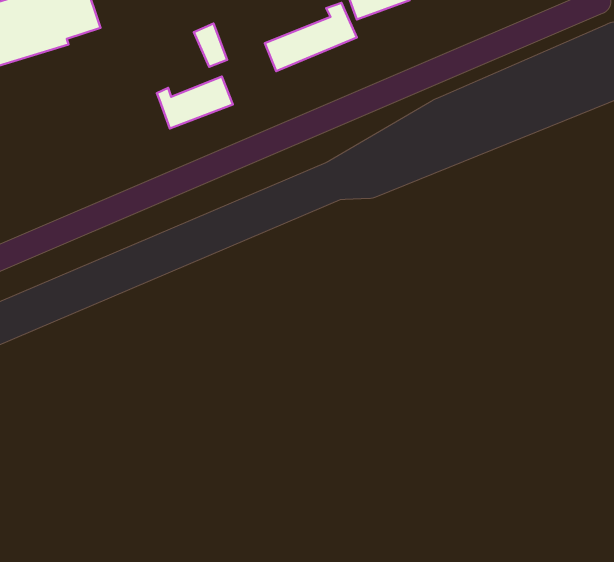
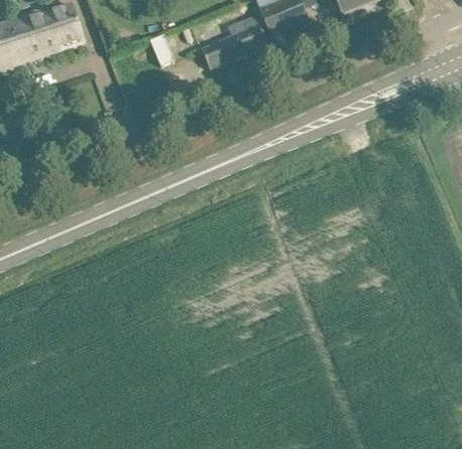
building: [157,77,233,129] -> none

